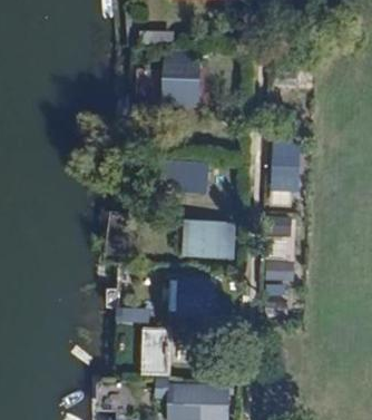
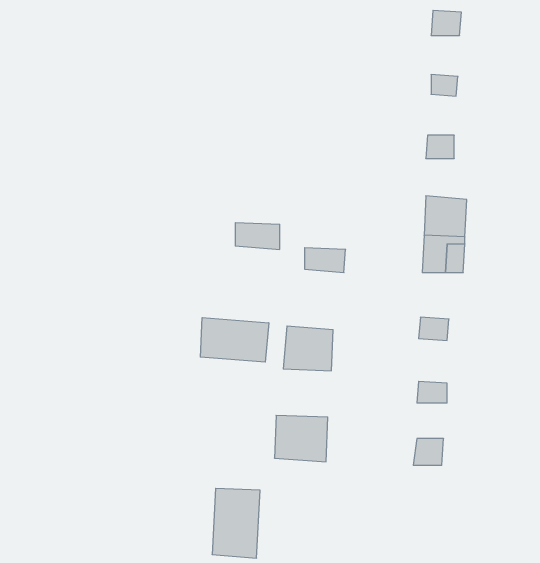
building: [161,46,197,94] -> none
building: none -> [200,318,269,362]

